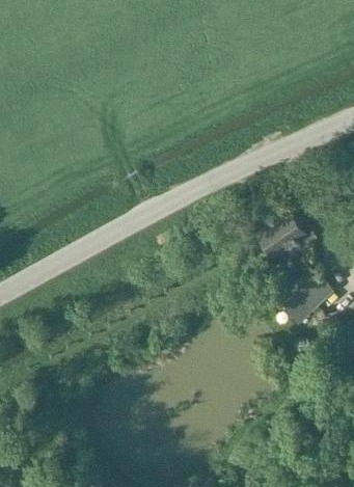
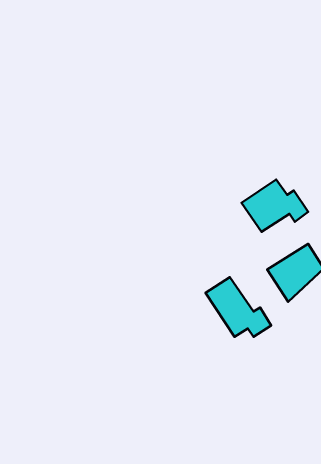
building: none -> [206,277,271,337]

